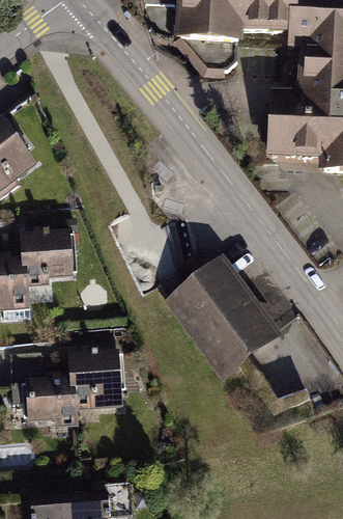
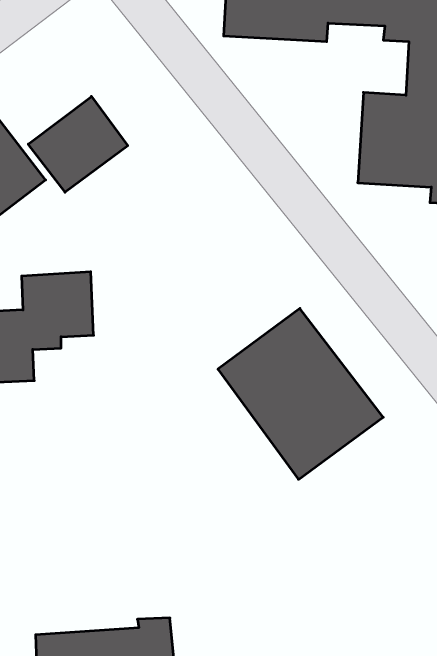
building: none -> [28,96,128,192]
building: [23,345,122,422] -> none

